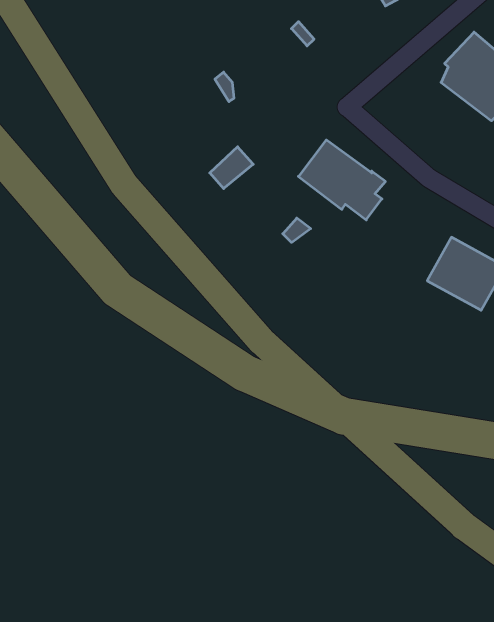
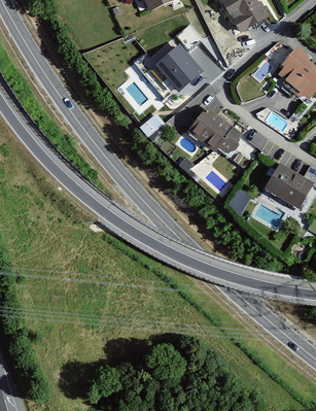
building: none -> [162,44,201,85]

